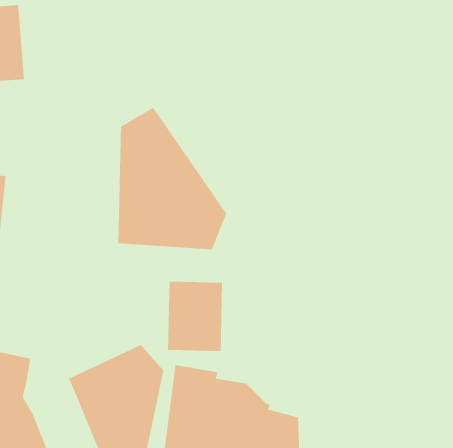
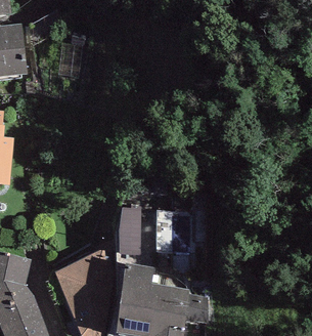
building: [117,107,227,250] -> none

